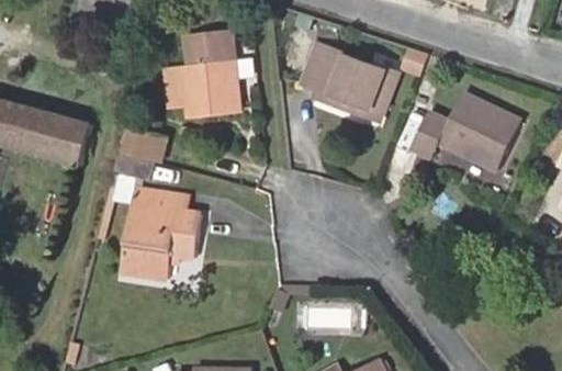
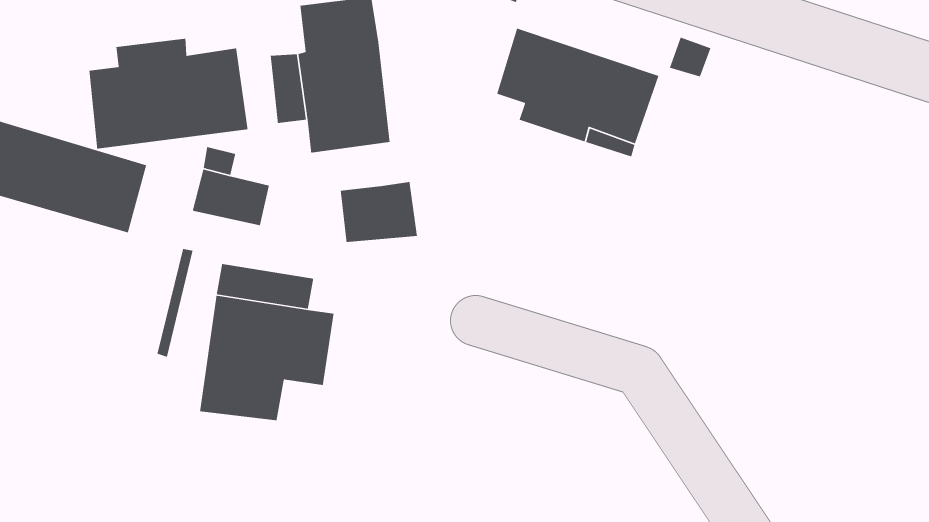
building: none -> [88,38,248,150]
building: [412,91,520,168] -> none
building: none -> [340,181,418,243]

